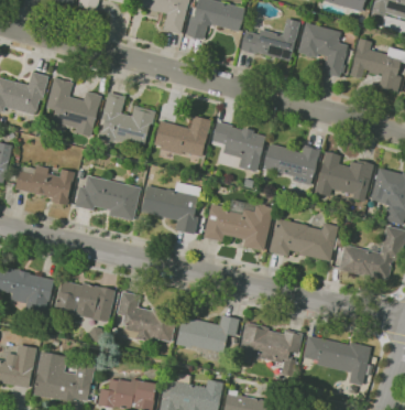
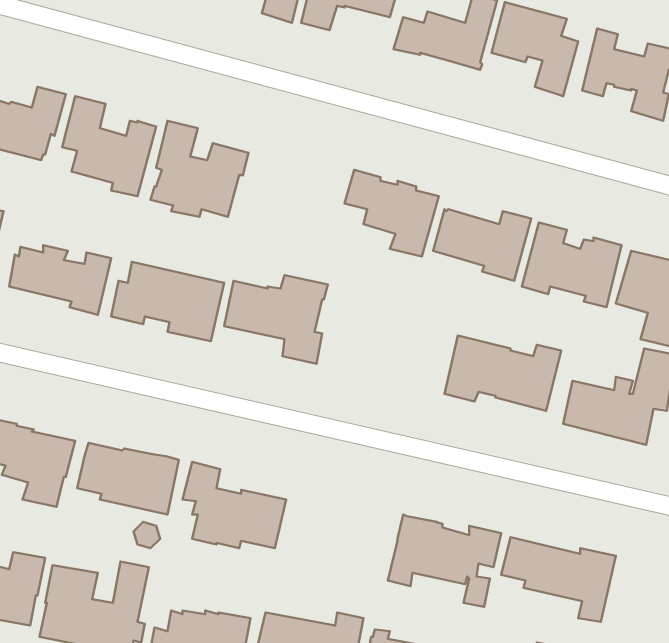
building: [154,115,210,157] -> none
building: [201,198,274,251] -> none
building: [176,314,239,353] -> none

